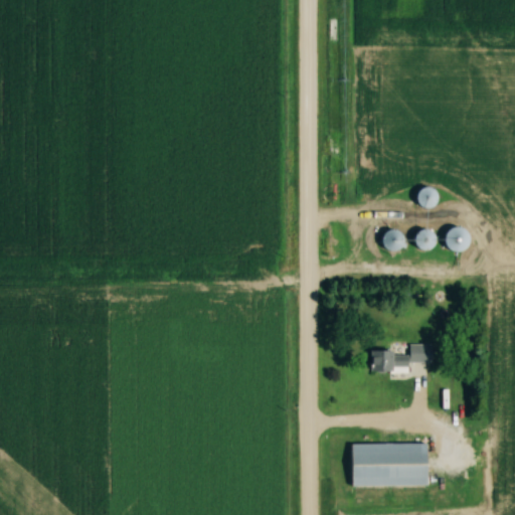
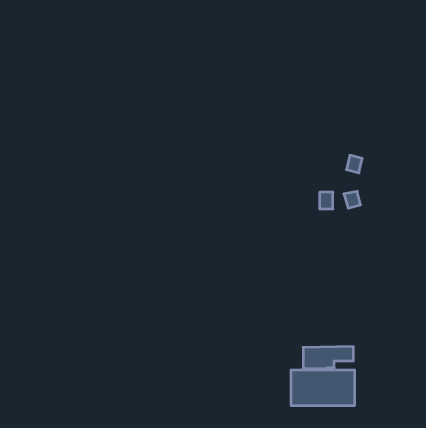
building: [447,228,468,251] -> none
building: [372,346,433,372] -> [303,347,353,368]

